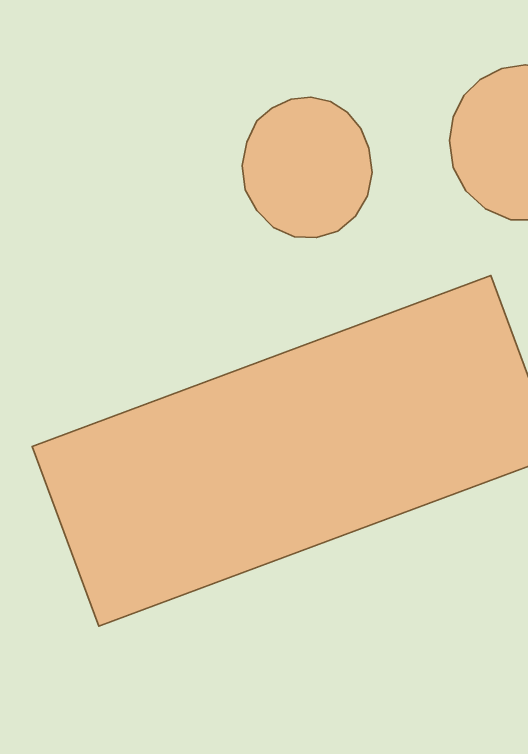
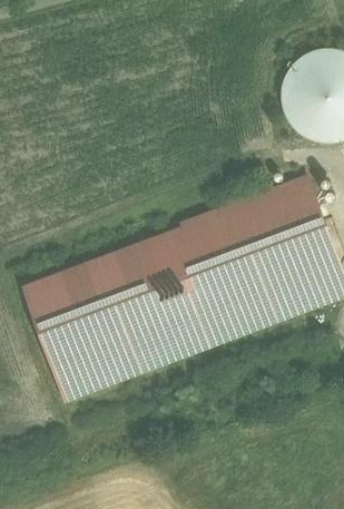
building: [242,97,372,237] -> none

